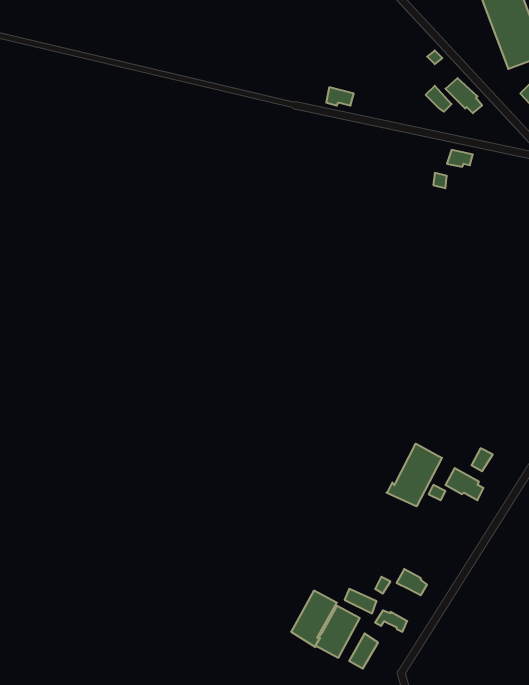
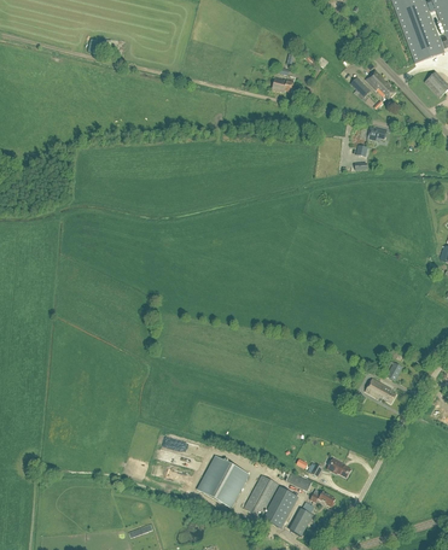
building: [386,444,442,506] -> none
building: none -> [197,456,249,508]

